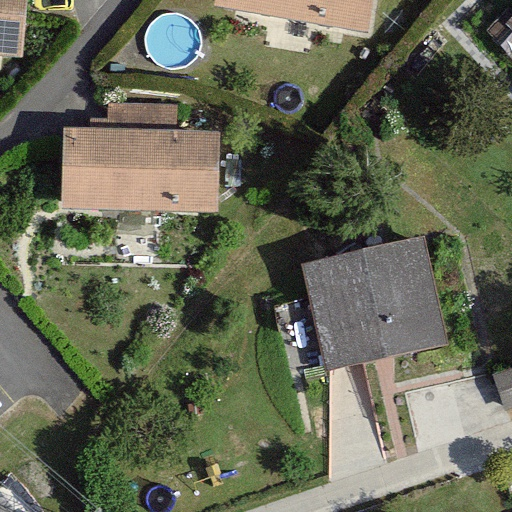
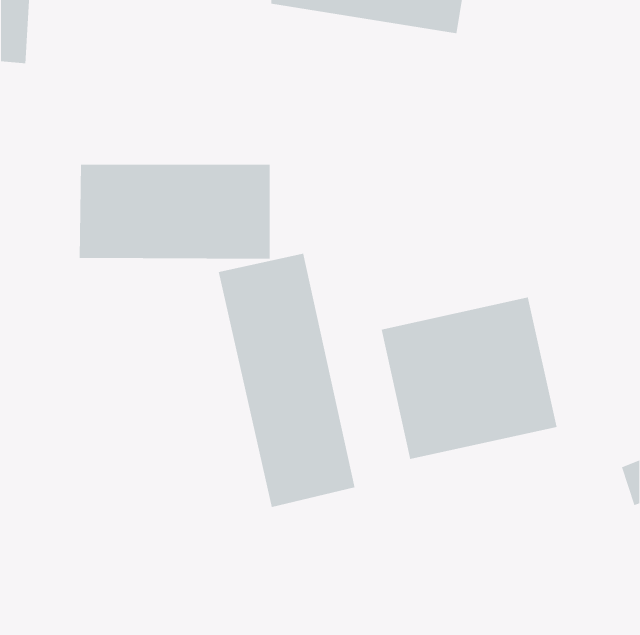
building: none -> [218,253,355,508]

